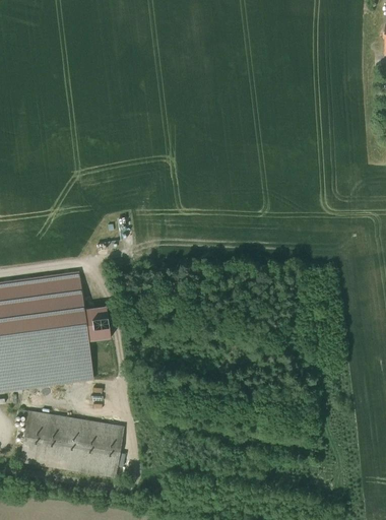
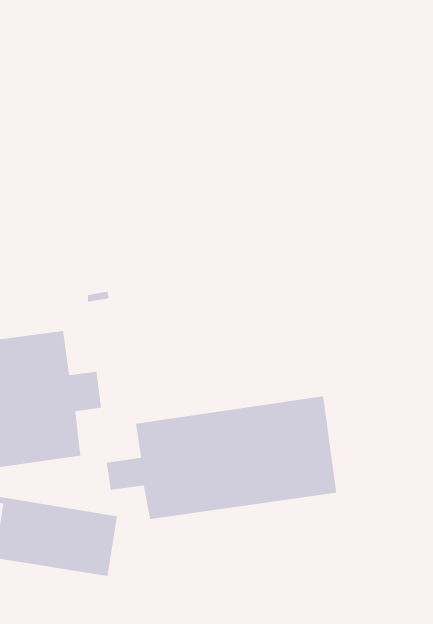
building: none -> [106,395,337,520]

